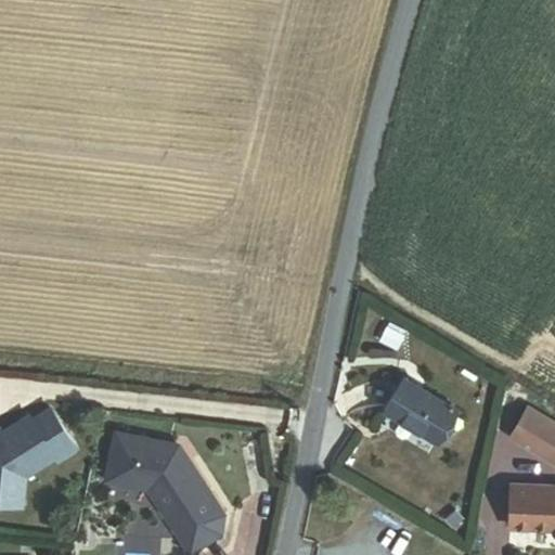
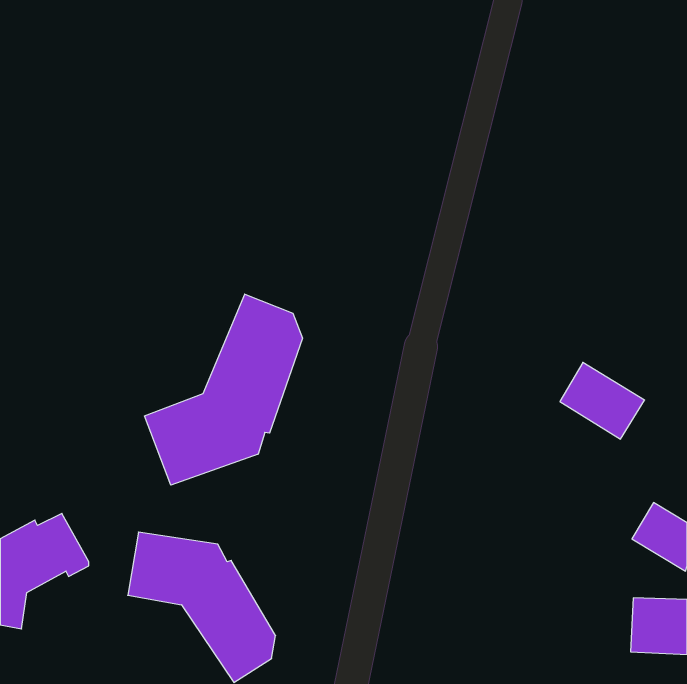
building: none -> [144,294,303,485]
building: [389,379,457,441] -> [560,362,645,439]

